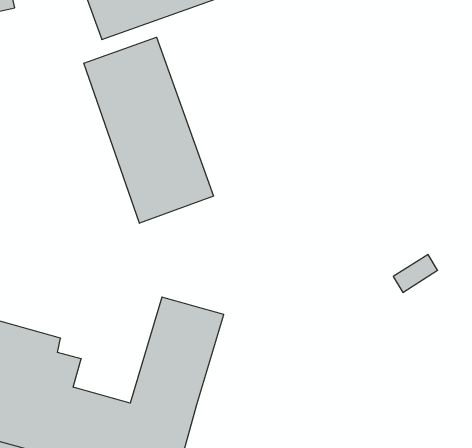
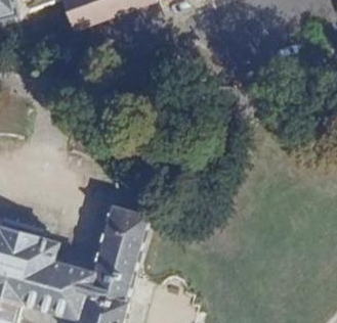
building: [84,37,214,223] -> none

